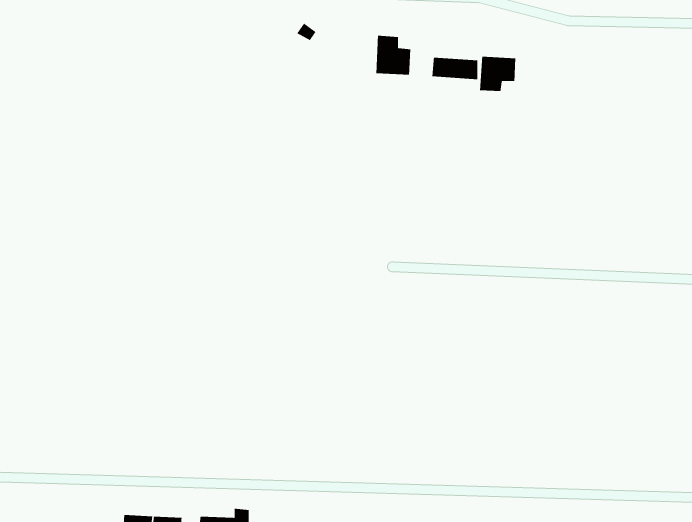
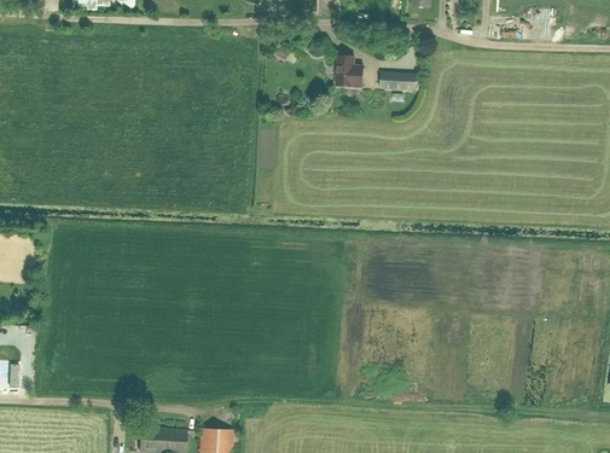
building: [479,56,516,92] -> none

